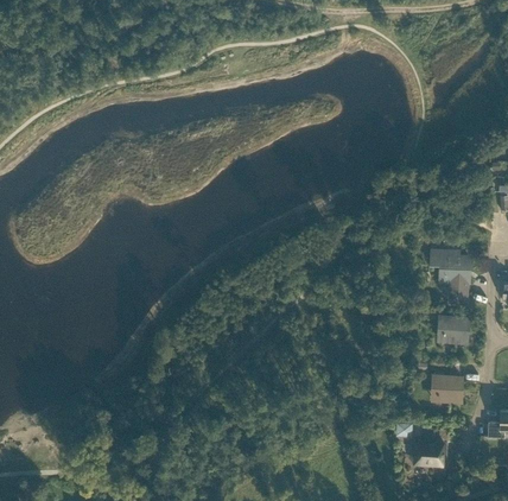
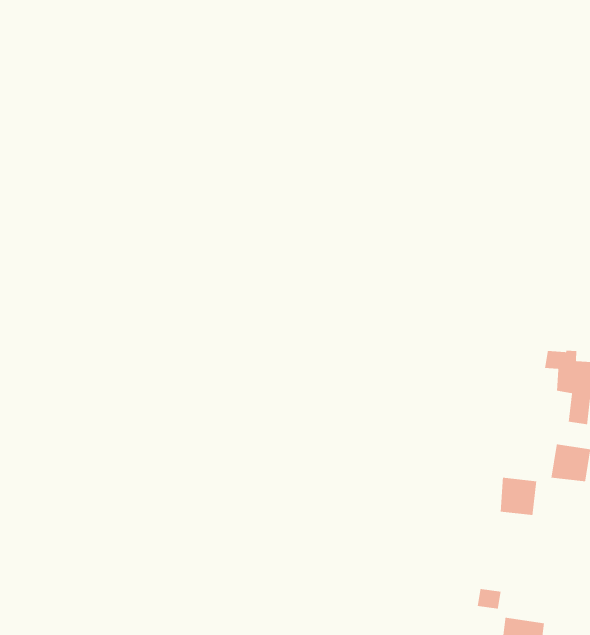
building: [437,376,462,402] -> [500,477,537,516]

